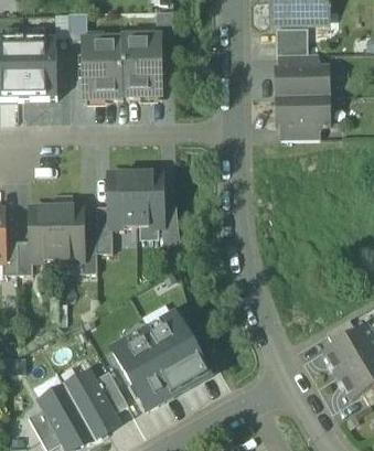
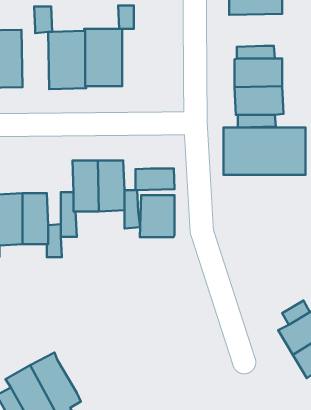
building: [276,28,308,55] -> none
building: none -> [223,128,306,175]
building: none -> [135,168,175,190]
building: none -> [140,195,175,237]
building: [113,315,207,410] -> none
building: [93,372,128,415] -> none

